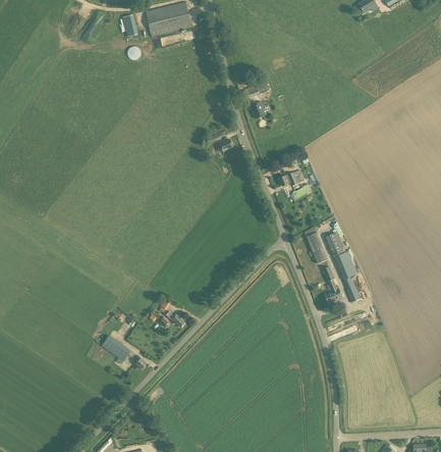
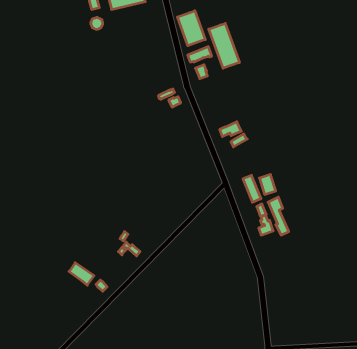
building: none -> [177,11,205,46]
building: none -> [209,23,239,68]

